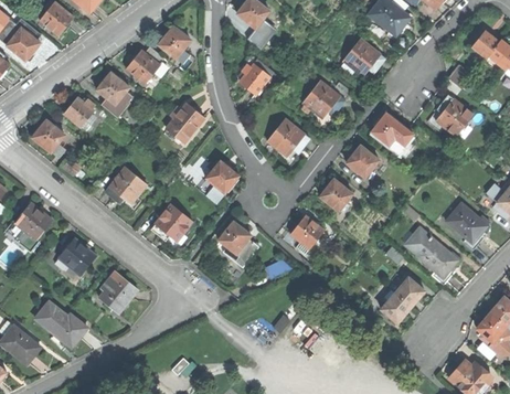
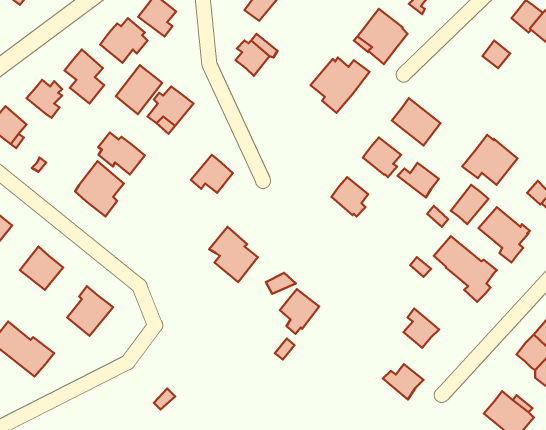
building: none -> [116,65,162,114]
building: [426,94,472,136] -> [462,135,517,185]
building: [267,118,309,163] -> none
building: none -> [98,132,145,174]
building: none -> [398,163,439,198]
building: none -> [451,185,489,224]
building: [150,203,192,248] -> none
building: [290,215,323,253] -> [280,289,319,334]
building: [390,277,424,307] -> [383,364,424,400]

